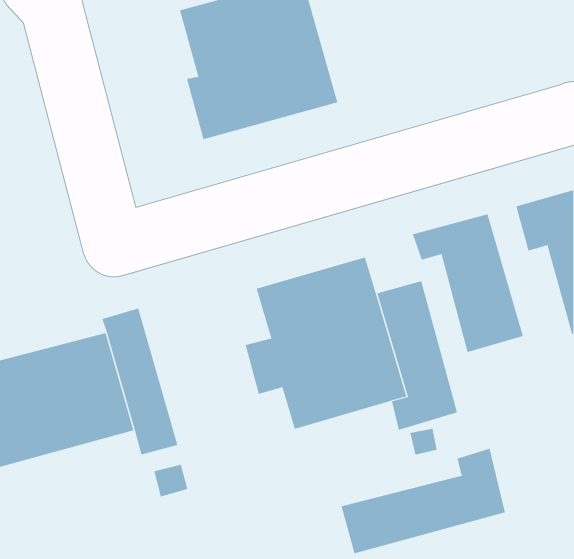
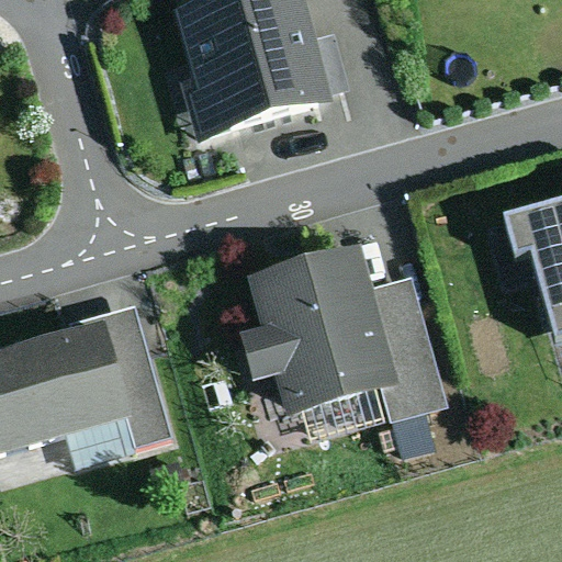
building: [412,213,524,353] -> none
building: [341,448,506,554] -> none

